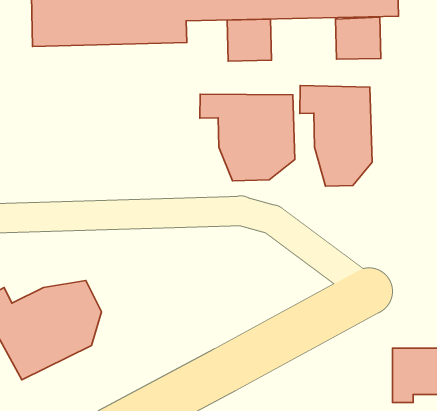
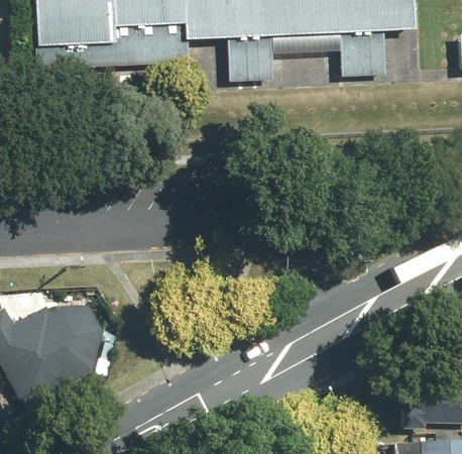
building: [300,86,372,186] -> none
building: [200,94,295,181] -> none

